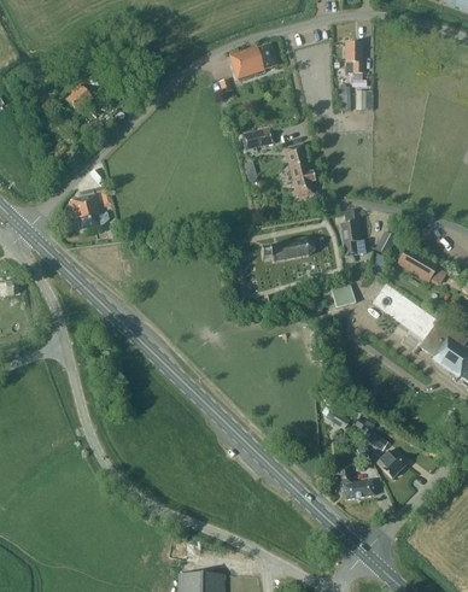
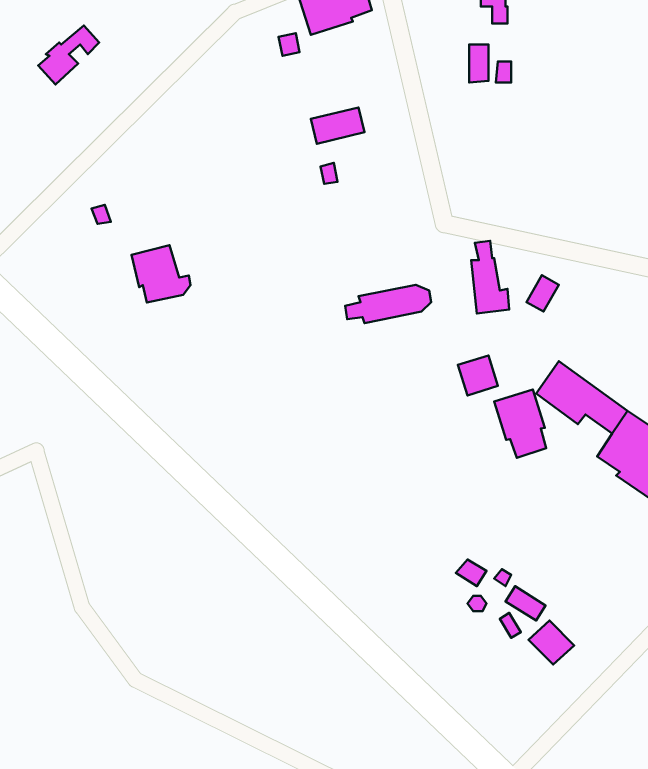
building: [286,145,315,197] -> none
building: [71,193,109,229] -> [132,245,191,302]
building: [397,245,438,281] -> none
building: none -> [494,389,546,458]
building: [338,463,375,499] -> none

